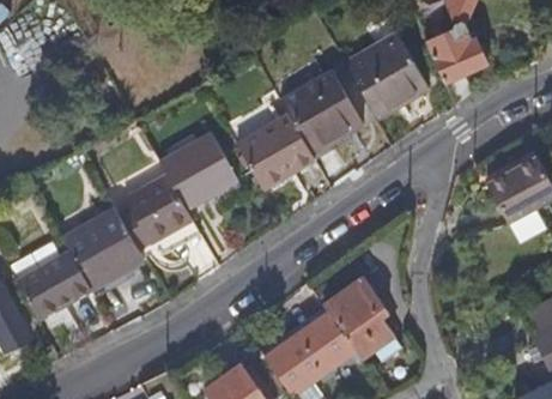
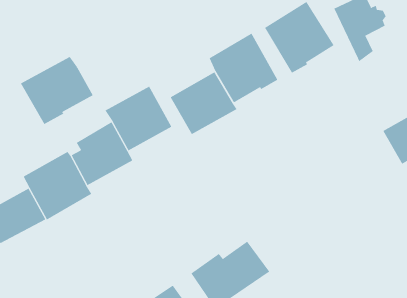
building: none -> [20,56,93,125]
building: [322,277,394,358] -> none

